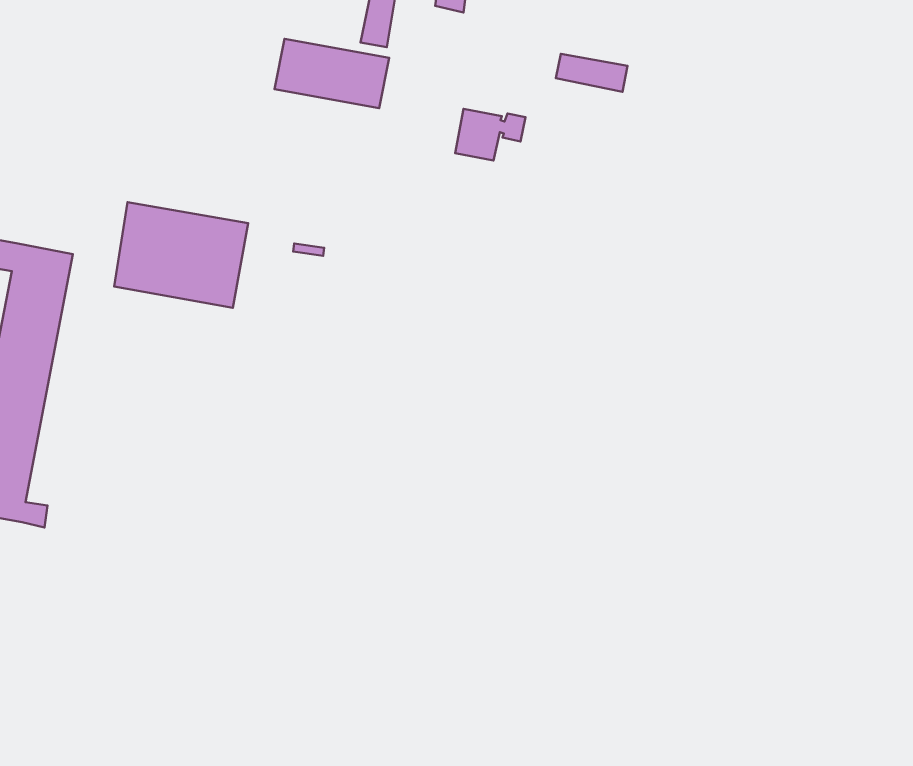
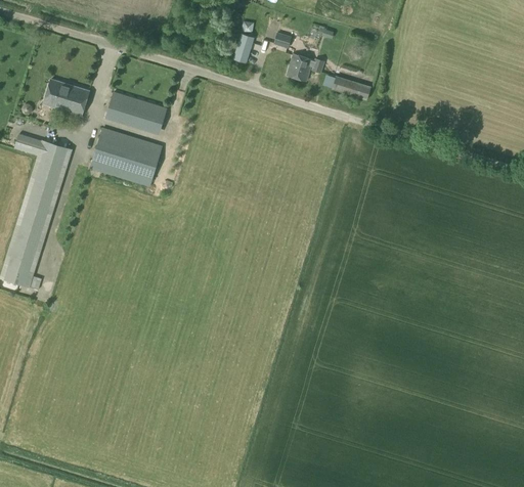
building: [275,39,389,108] -> [105,91,167,133]
building: [455,109,526,160] -> [287,52,325,81]
building: none -> [43,78,90,116]

